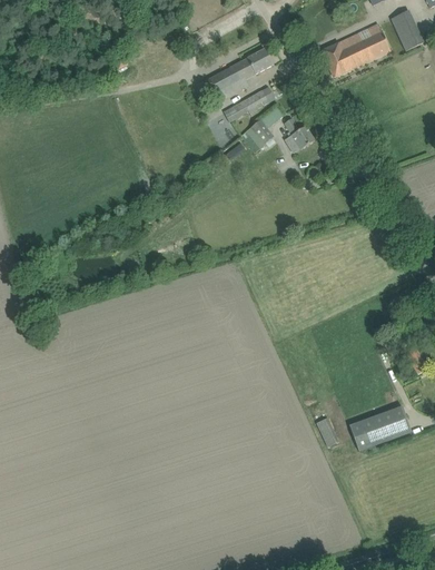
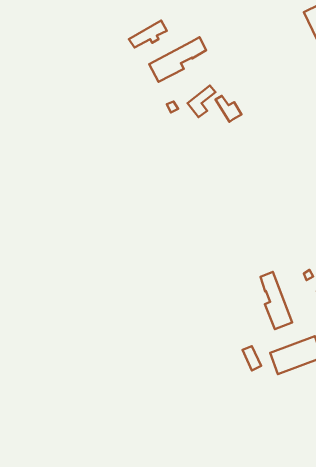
building: [320,23,390,77] -> none
building: [223,89,268,121] -> [129,20,167,47]
building: none -> [260,272,292,329]

